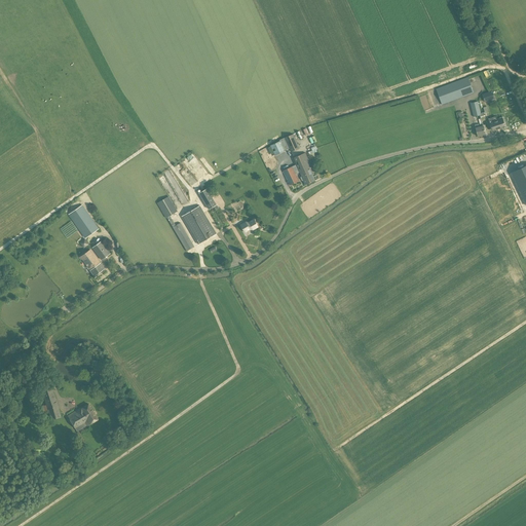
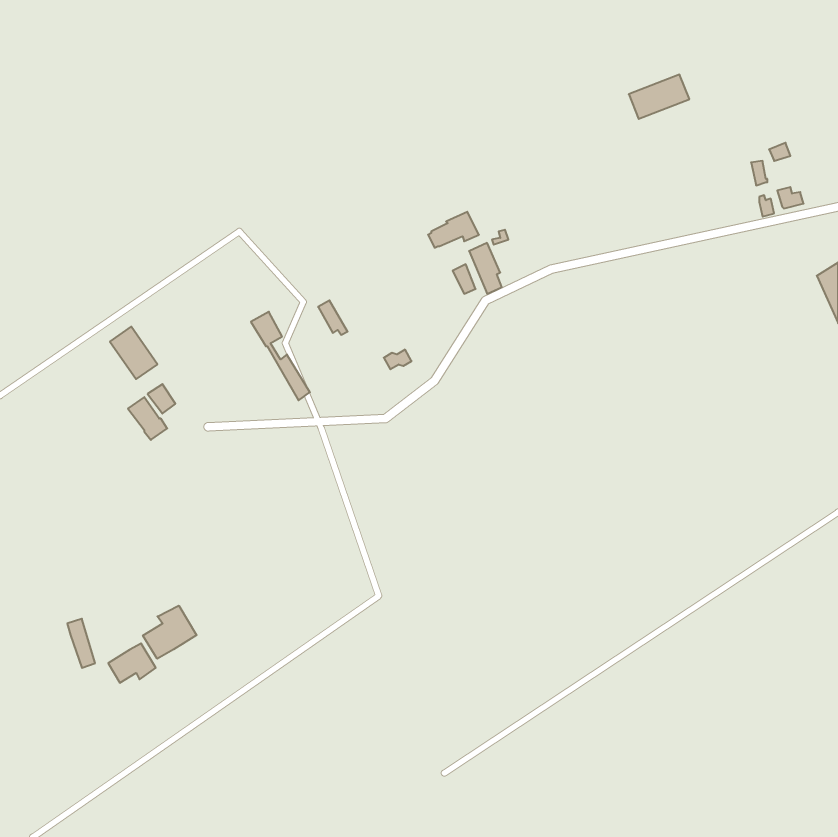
building: [436,76,474,104] -> [629,75,689,119]
building: [182,204,217,243] -> none
building: none -> [143,606,197,659]

